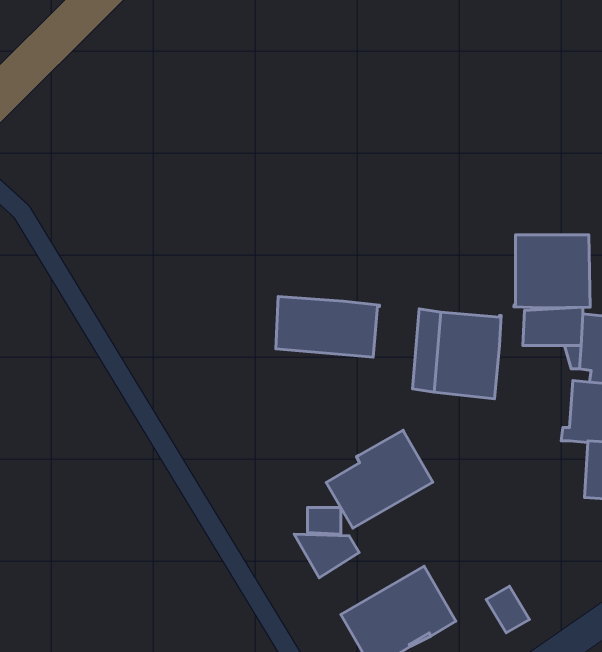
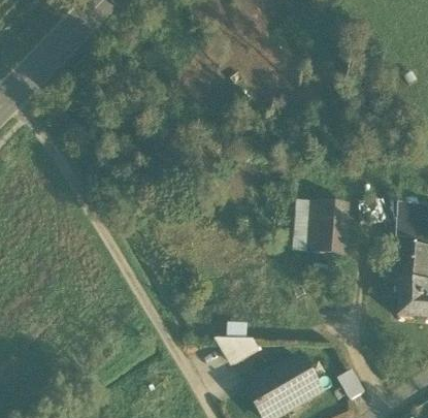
building: [514,235,590,308] -> none
building: [276,296,380,357] -> none
building: [326,430,433,528] -> none

